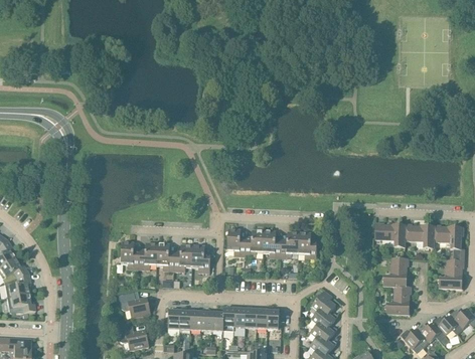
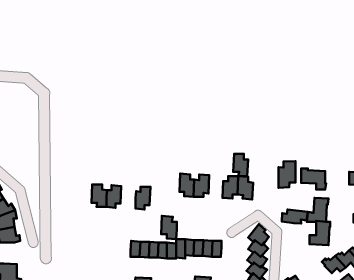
building: none -> [278,161,295,188]
building: [405,225,435,248] -> none
building: [263,230,281,257] -> [233,154,248,176]
building: [156,243,175,271] -> none
building: [191,244,210,273] -> [161,216,177,239]
building: none -> [282,210,308,223]
building: [119,292,150,318] -> none
building: [117,324,149,350] -> none

